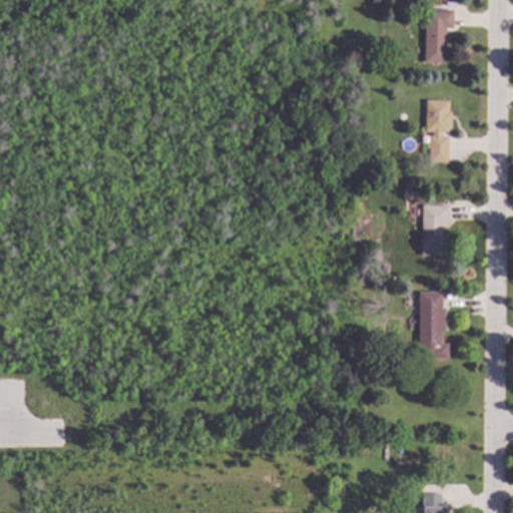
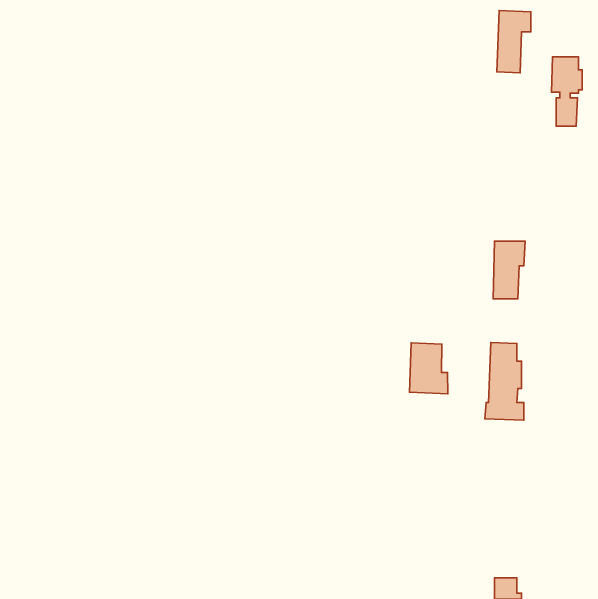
building: [427,100,453,159] -> [551,57,582,126]
building: none -> [410,343,448,394]

